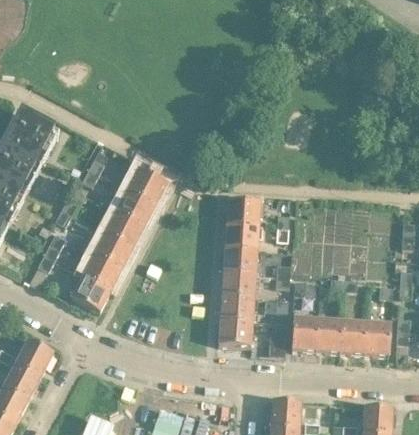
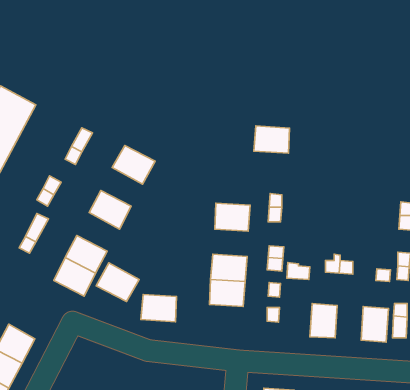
building: [116,188,156,225] -> none
building: [226,198,260,224] -> [254,126,289,153]
building: [93,231,134,268] -> [96,263,139,302]
building: [223,247,257,273] -> none
building: [291,316,318,350] -> none
building: [218,319,252,345] -> [141,295,176,322]
building: [340,320,367,353] -> none

